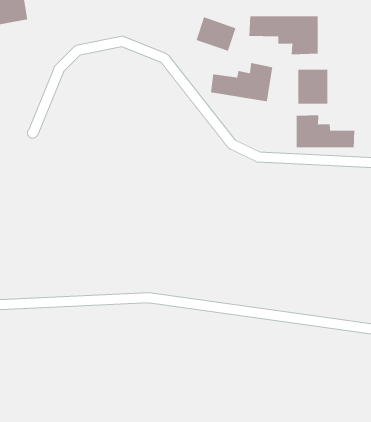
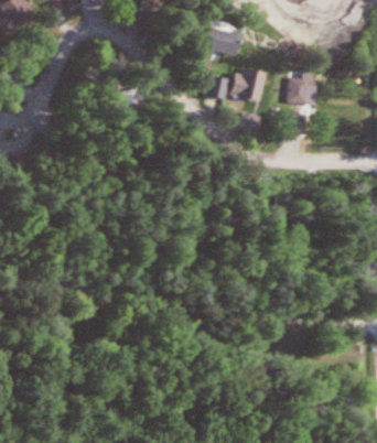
building: [248,15,319,55] -> none
building: [296,114,355,148] -> none

